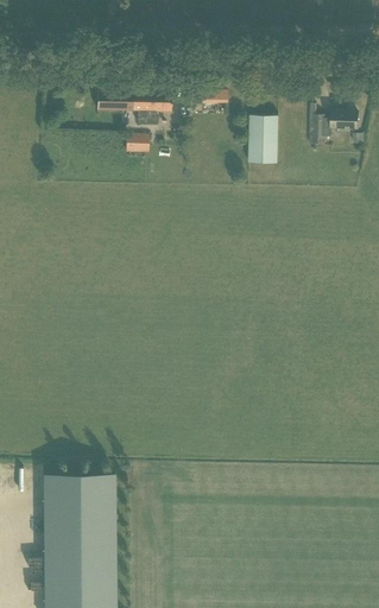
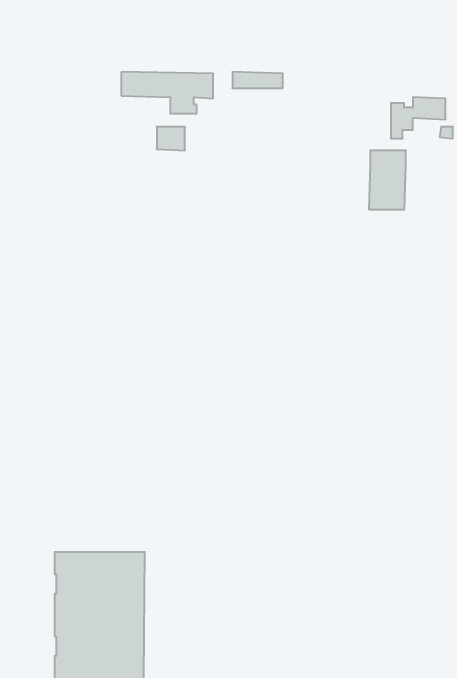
building: [248,114,278,162] -> [369,150,406,210]

